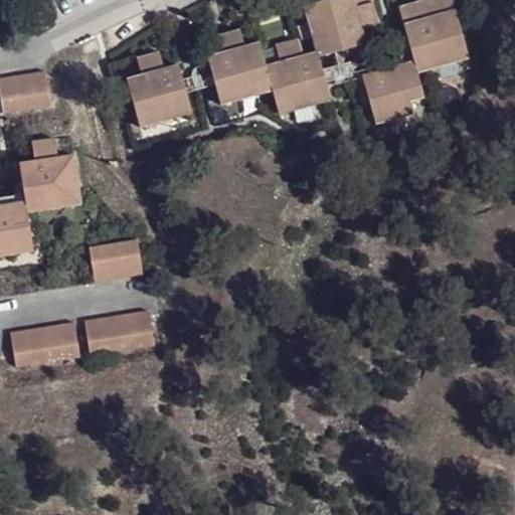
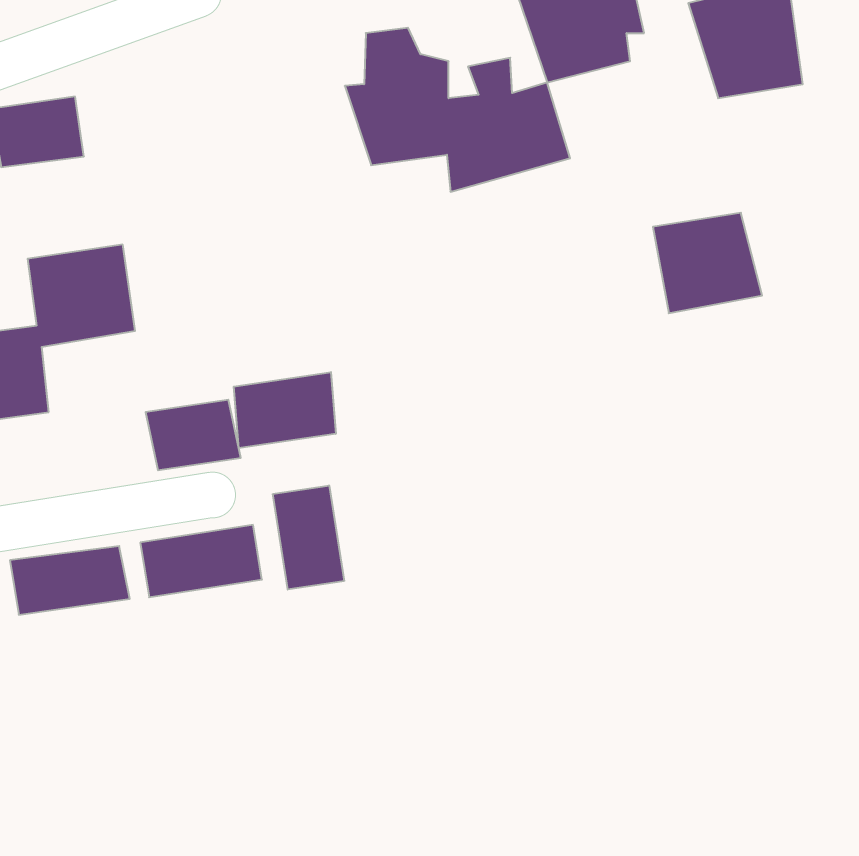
building: [133,55,195,125] -> none
building: [367,67,430,125] -> [653,213,762,313]
building: none -> [234,372,336,448]
building: none -> [273,485,344,590]

